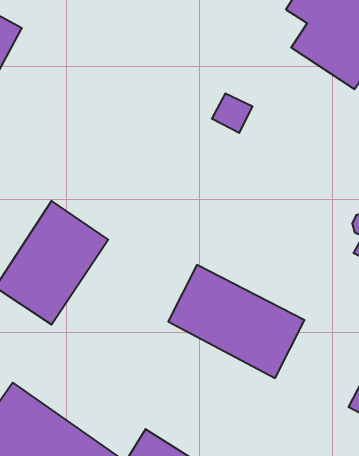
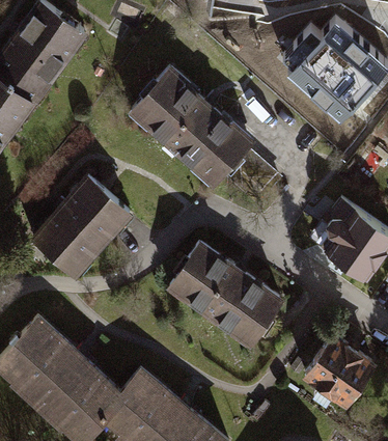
building: none -> [132,53,244,174]

